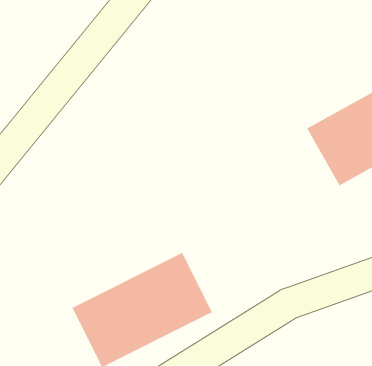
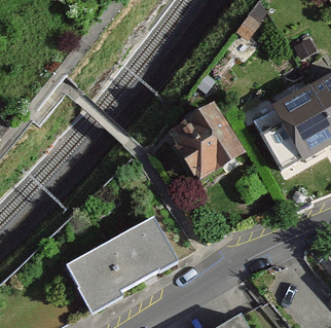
building: none -> [171,103,240,175]

